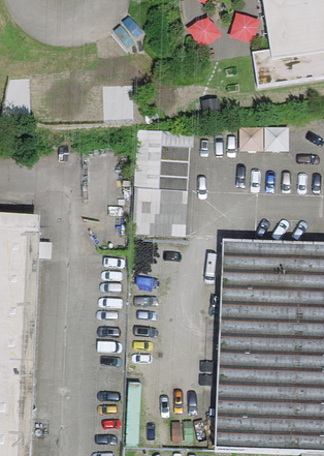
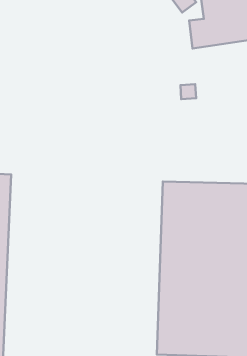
building: [135,126,191,232] -> none

